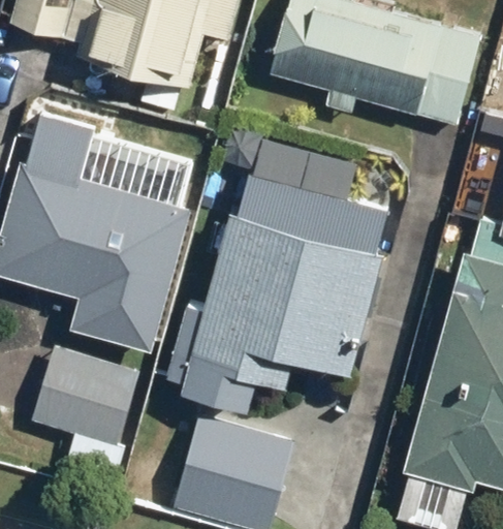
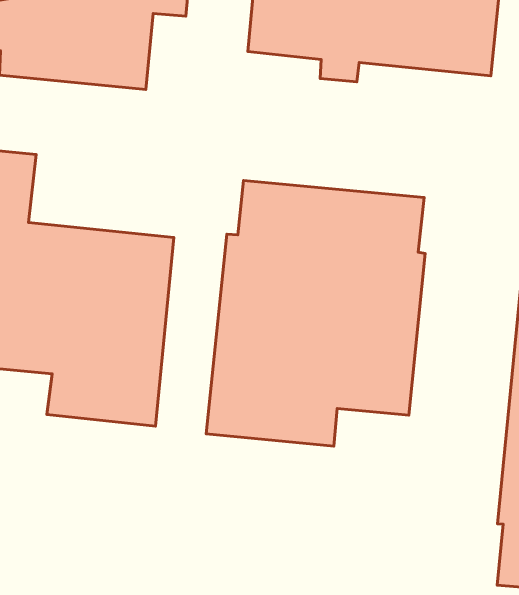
building: [32,344,139,446] -> none
building: [184,378,291,490] -> none

